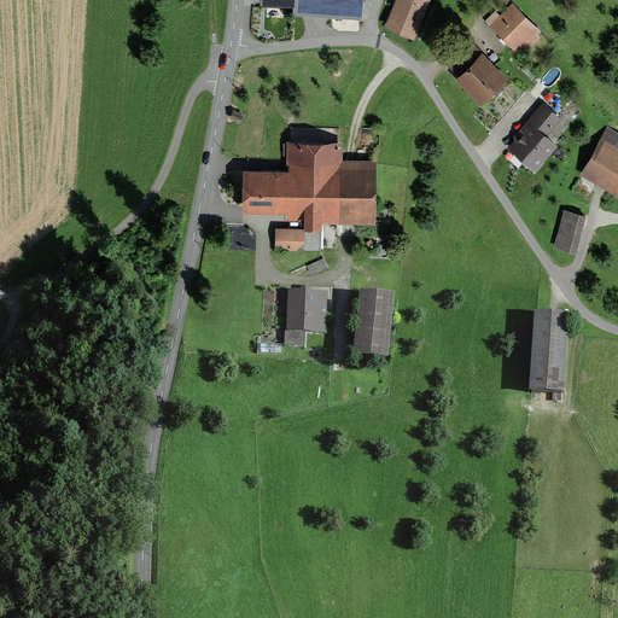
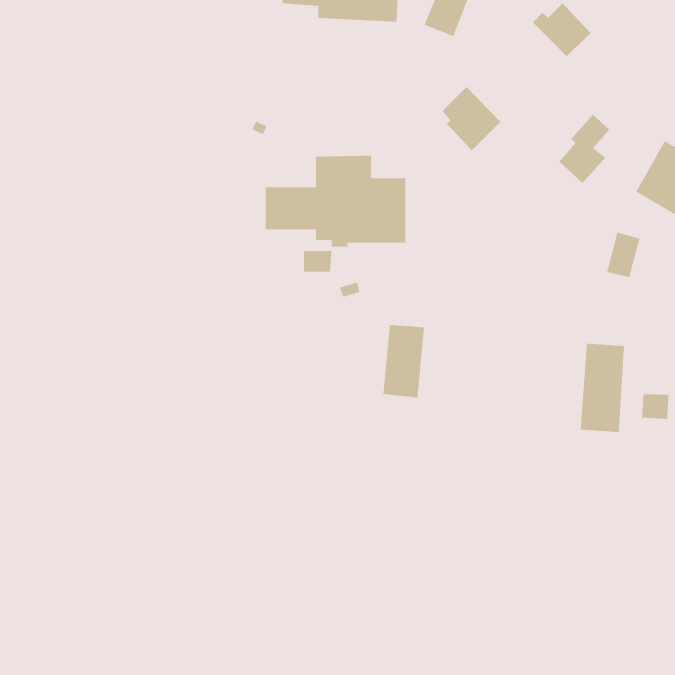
building: [450,43,505,103] -> [442,86,501,151]
building: [290,292,328,336] -> none
building: none -> [641,393,670,420]

